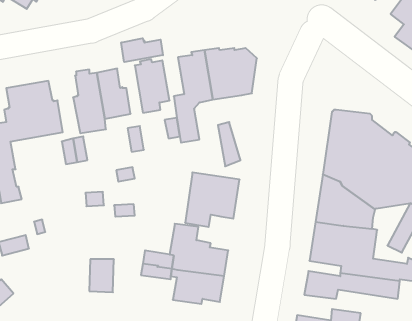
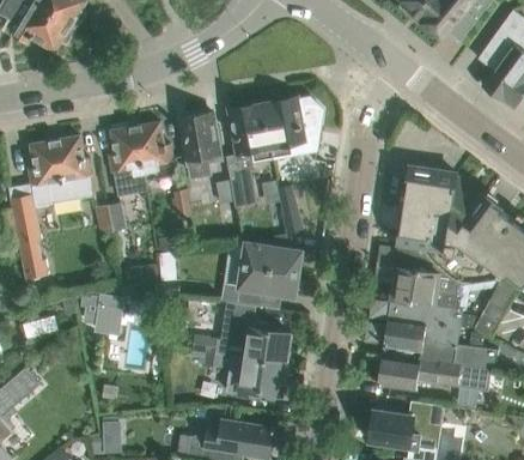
building: [121,38,163,62] -> none
building: [89,259,114,292] -> [95,293,123,332]

